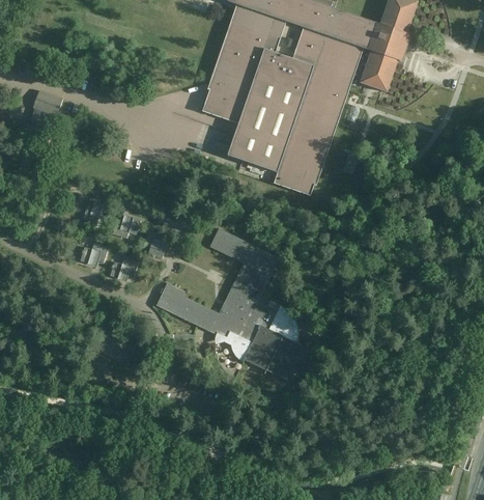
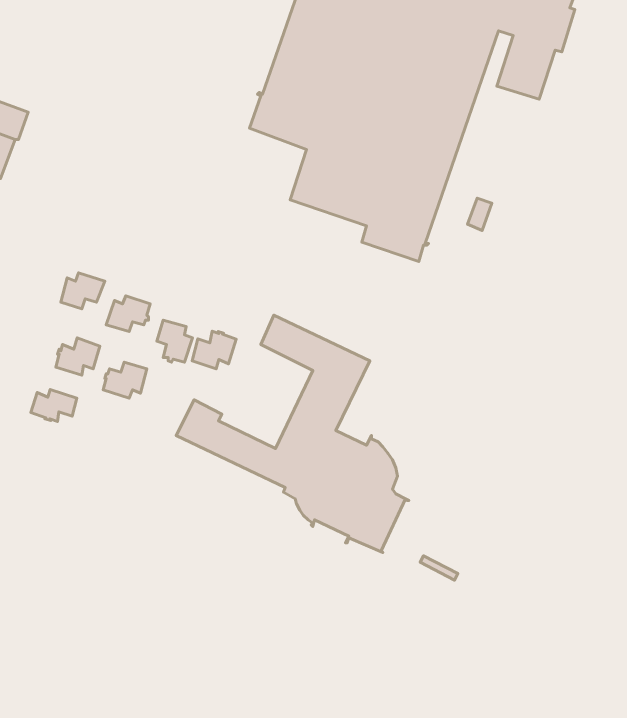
building: none -> [192,331,236,369]
building: none -> [31,389,77,421]

